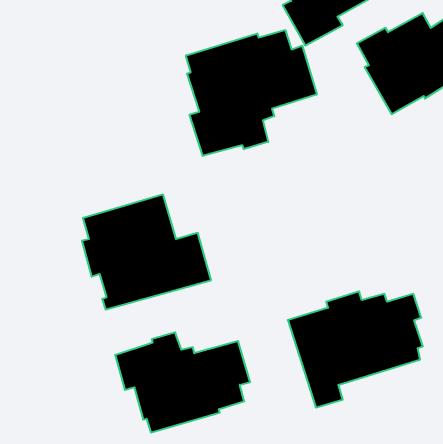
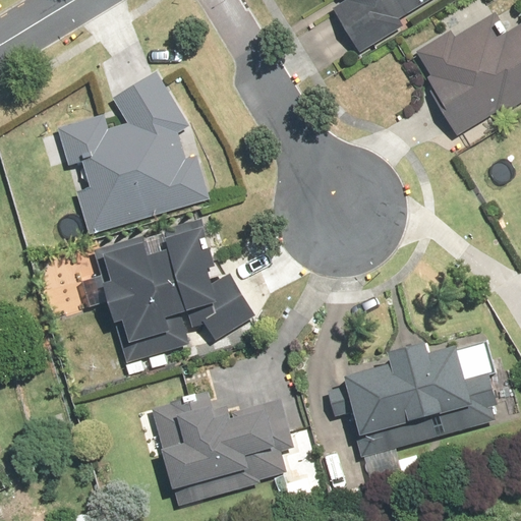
building: [186,30,317,156] -> none
building: none -> [58,74,210,234]

